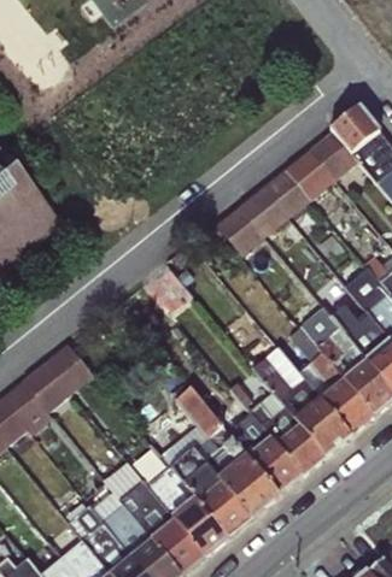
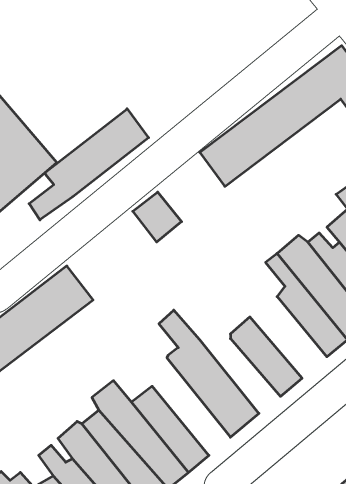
building: none -> [29,109,149,220]
building: [248,347,350,459] -> none
building: [215,406,300,496] -> none
building: [157,437,247,541] -> none

